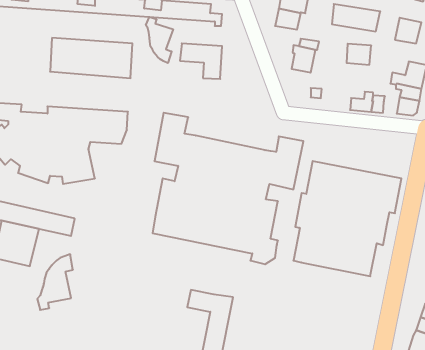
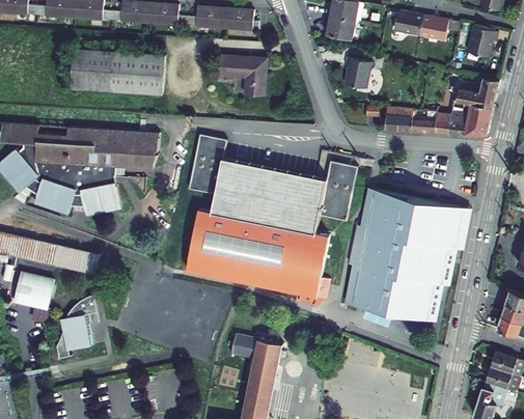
building: [146,17,173,63] -> none
building: [347,44,371,65] -> [385,107,413,131]
building: none -> [448,108,467,135]

